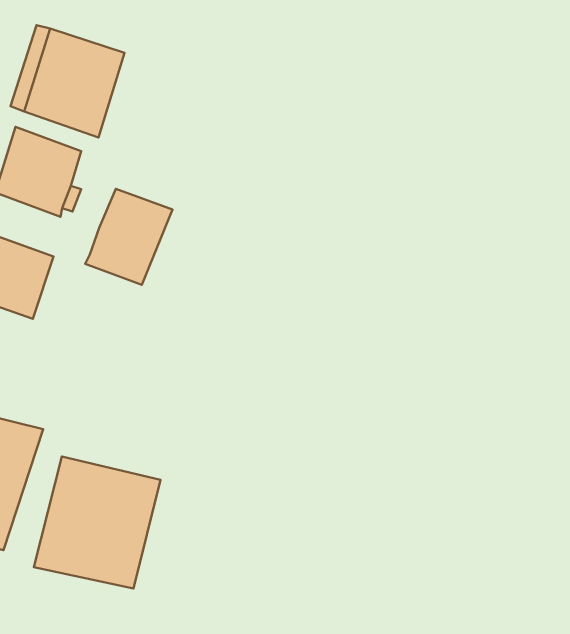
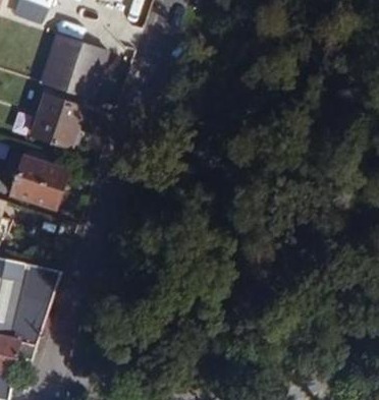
building: [85,189,173,285] -> none
building: [34,457,161,588] -> none

